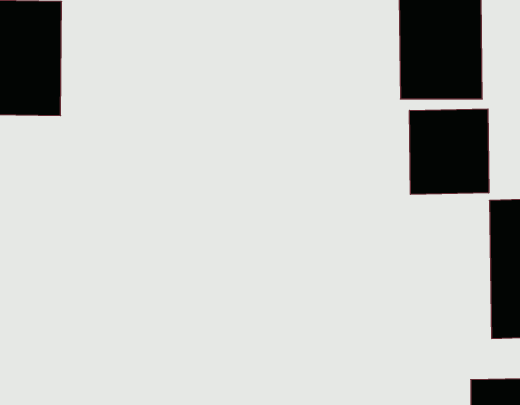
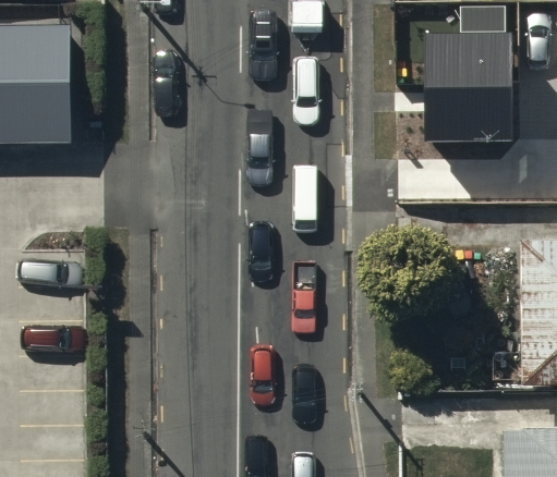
building: [410,109,489,194] -> none

